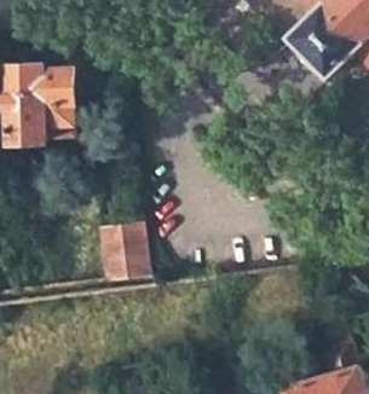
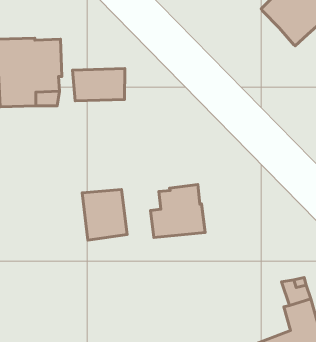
building: none -> [73,68,125,101]
building: none -> [151,185,205,238]

